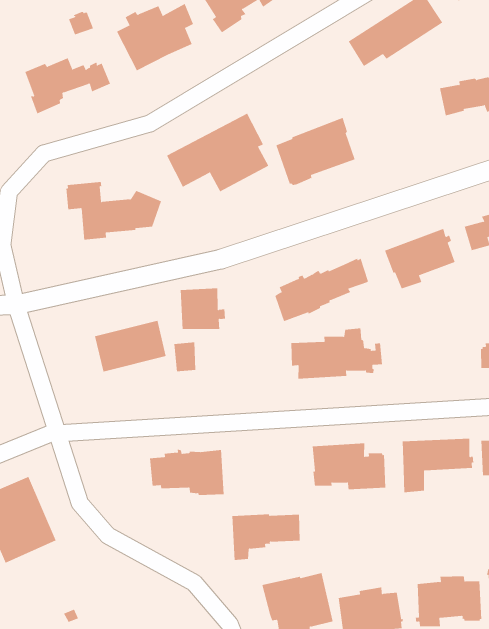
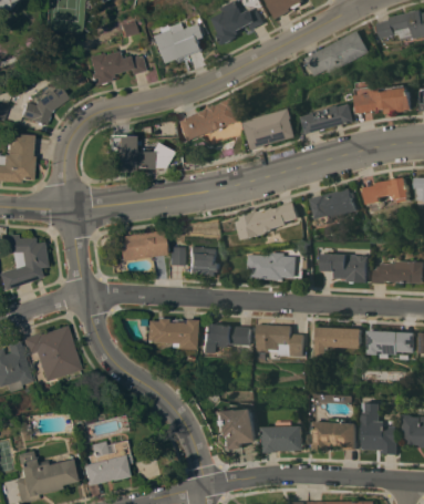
building: none -> [310,103,363,134]
building: [180,288,226,330] -> [190,247,220,276]
building: none -> [322,253,369,282]
building: [231,514,301,561] -> [205,323,251,353]

